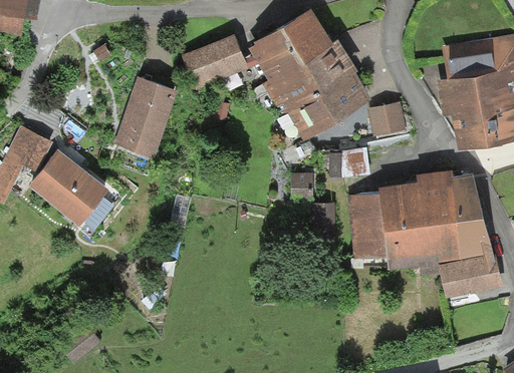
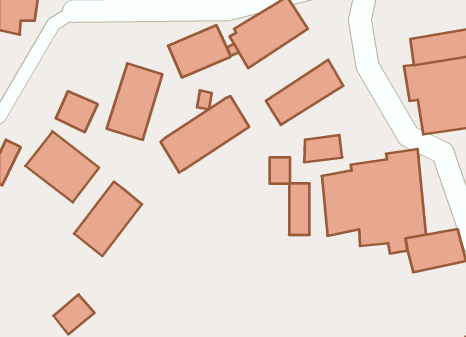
building: [262,34,357,116] -> [161,96,249,173]
building: [366,102,407,139] -> none
building: [7,126,52,170] -> [56,91,98,132]
building: [452,170,494,258] -> none
building: none -> [74,182,142,256]

